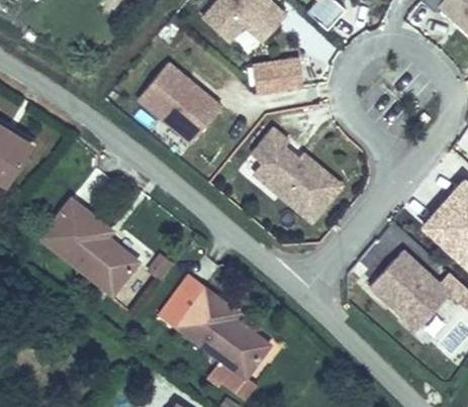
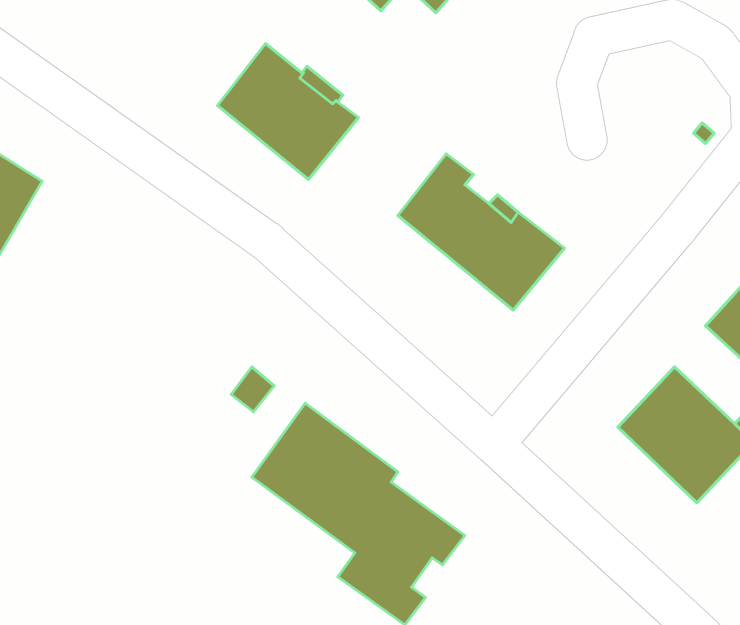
building: [254,58,304,93] -> none
building: [35,195,142,298] -> none

